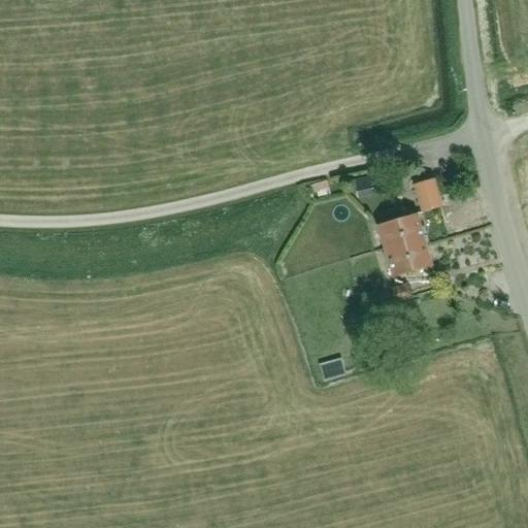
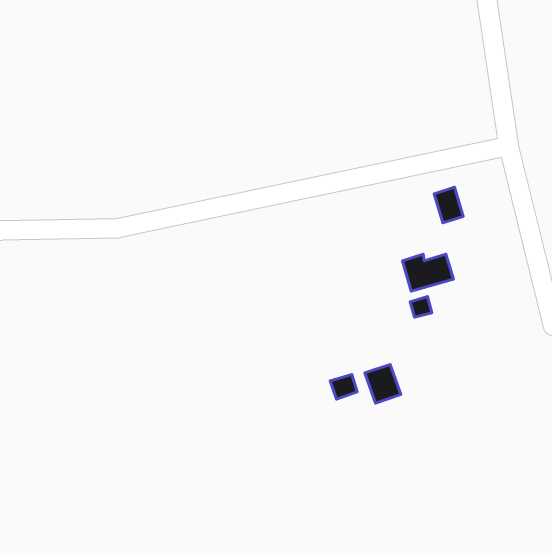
building: [377,213,426,249] -> none
building: none -> [365,364,401,403]

